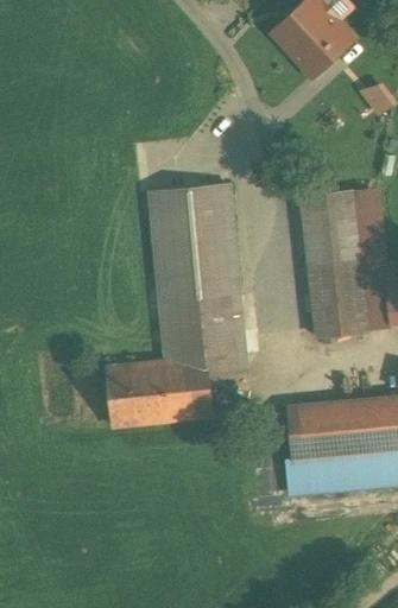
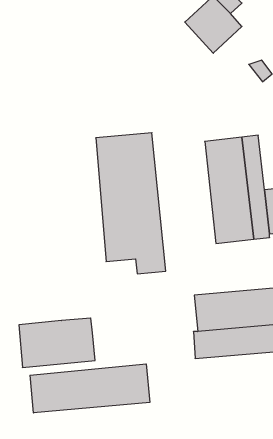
building: [107,357,211,425] -> [19,318,95,367]
building: none -> [30,364,150,413]

